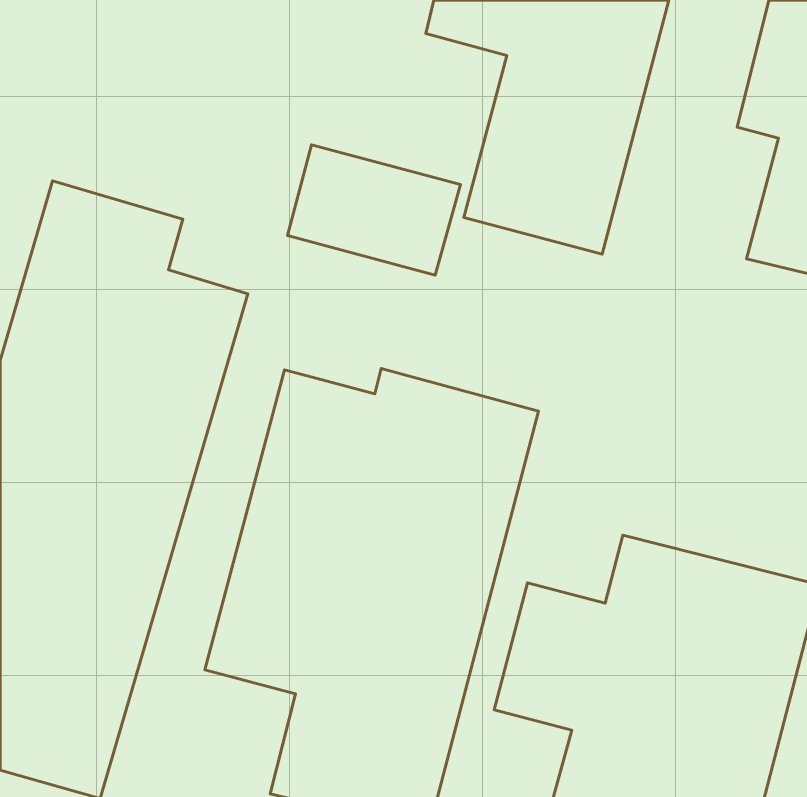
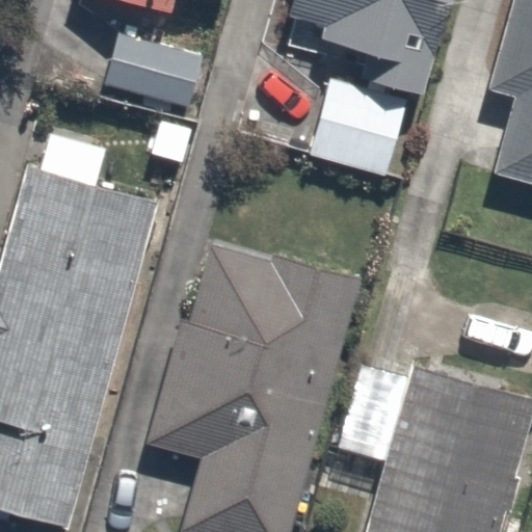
building: [288,145,461,275] -> [101,29,214,114]

